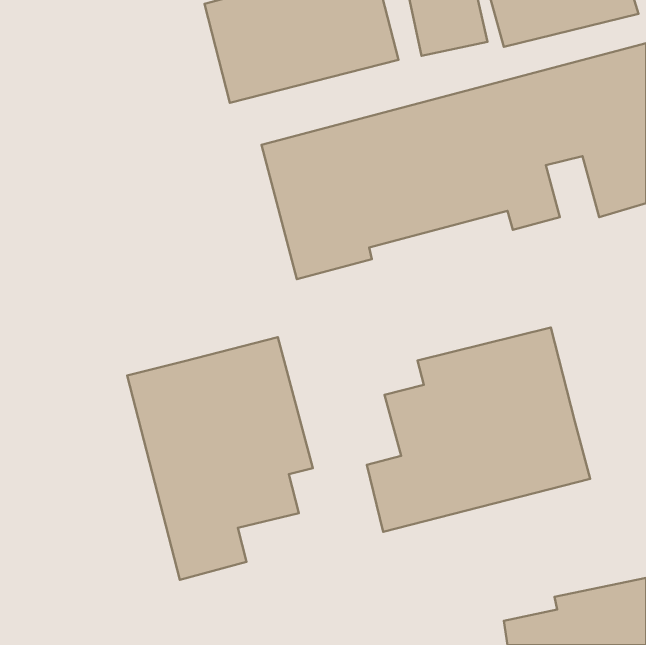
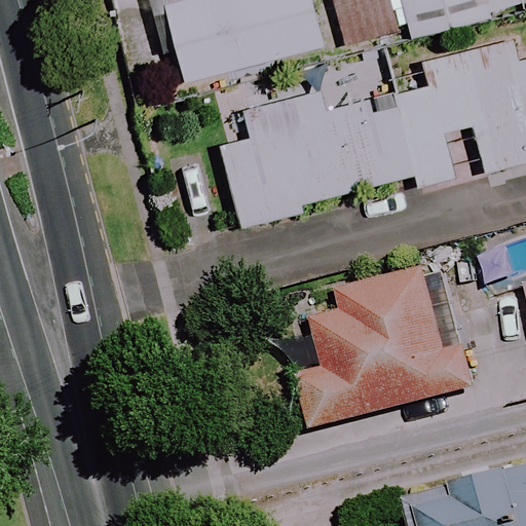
building: [127,337,313,580] -> none

